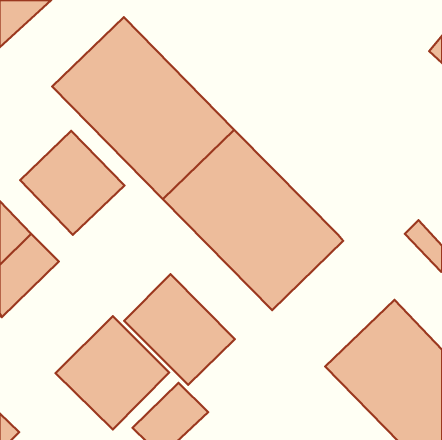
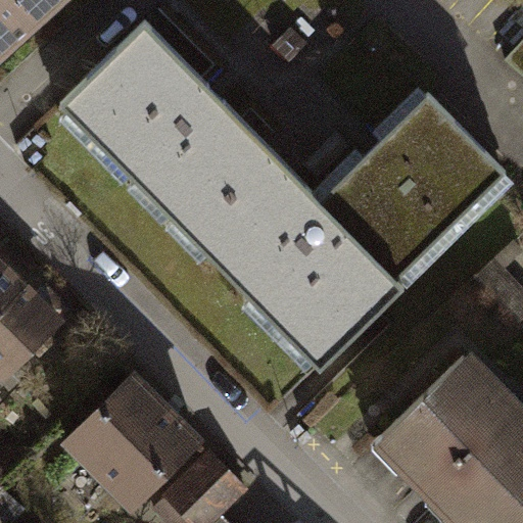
building: none -> [321,94,507,280]
building: [20,131,124,235] -> none
building: [124,274,235,385] -> none

